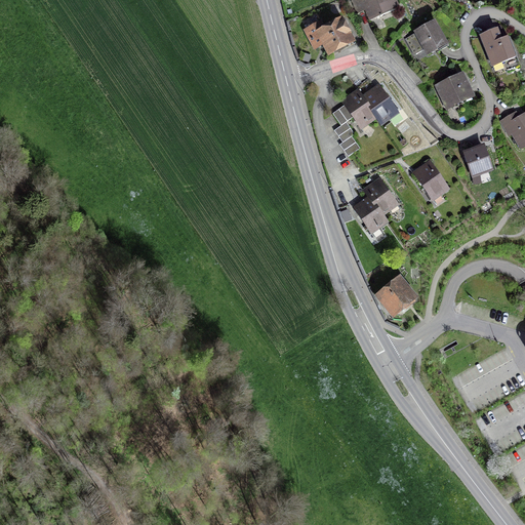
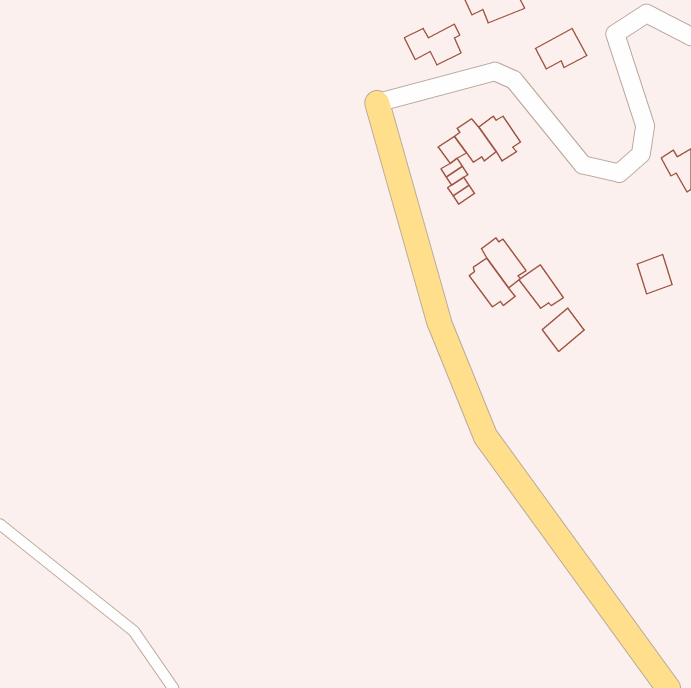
building: [481,29,516,63] -> none
building: [438,73,472,106] -> none
building: [465,145,491,174] -> [637,255,672,294]
building: [414,162,448,195] -> [519,265,563,308]
building: [380,279,412,312] -> [542,308,584,351]

